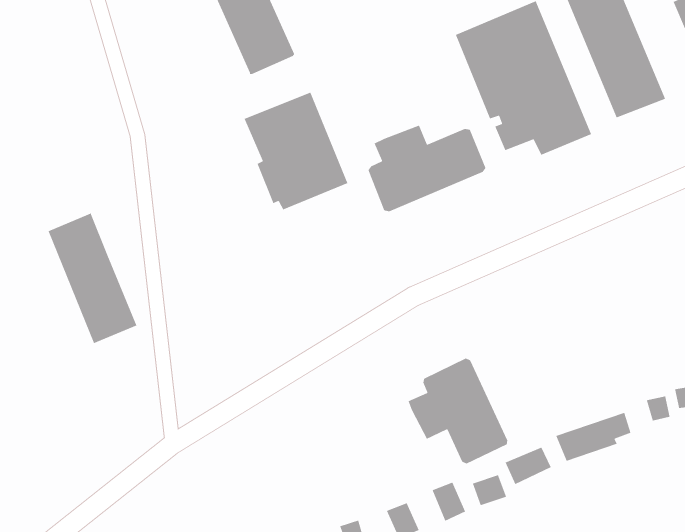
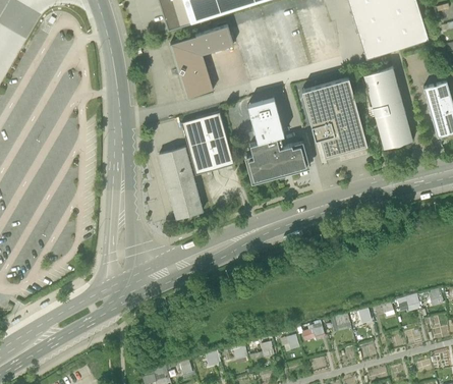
building: none -> [247,98,284,143]
building: [48,212,138,344] -> [159,147,202,219]
building: [407,357,508,464] -> none

